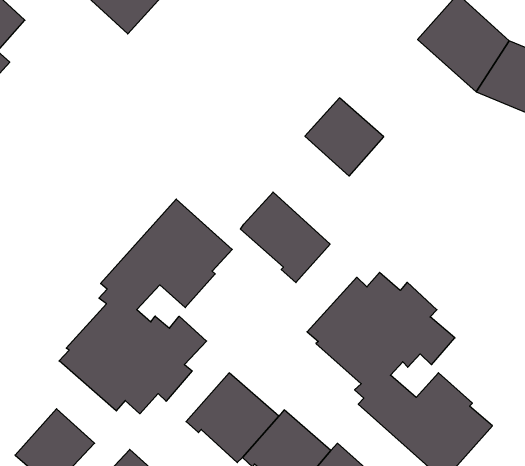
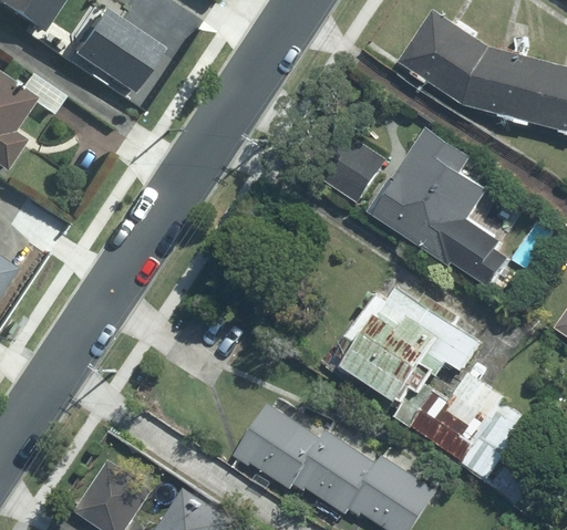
building: none -> [373,129,497,278]
building: [240,192,330,283] -> none
building: [59,199,232,414] -> none

